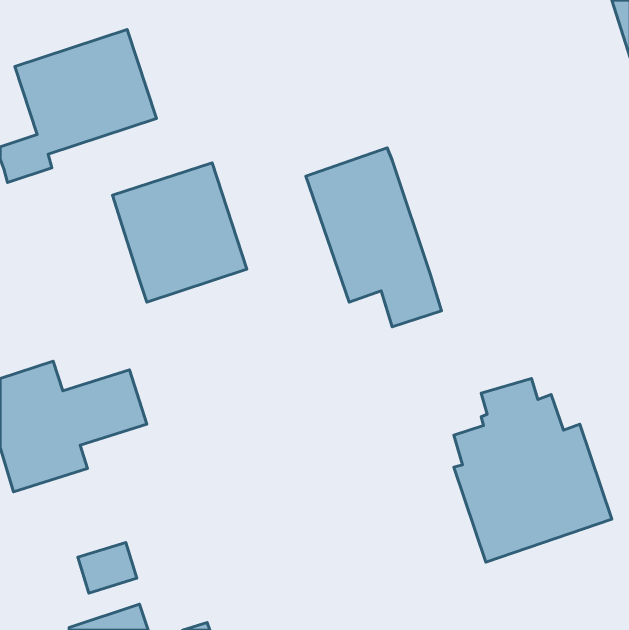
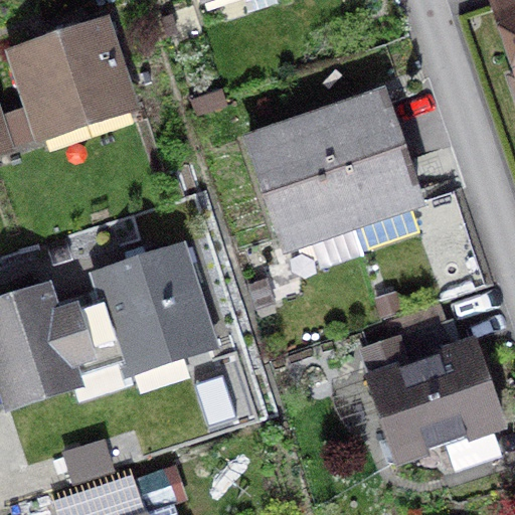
building: none -> [317,99,418,224]
building: [112,163,247,302] -> [99,250,208,364]

